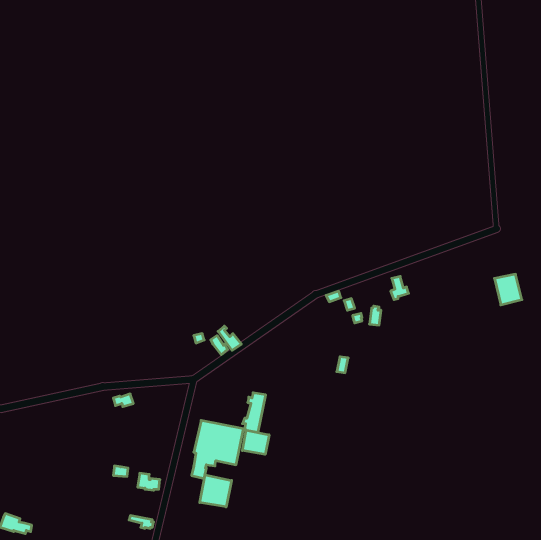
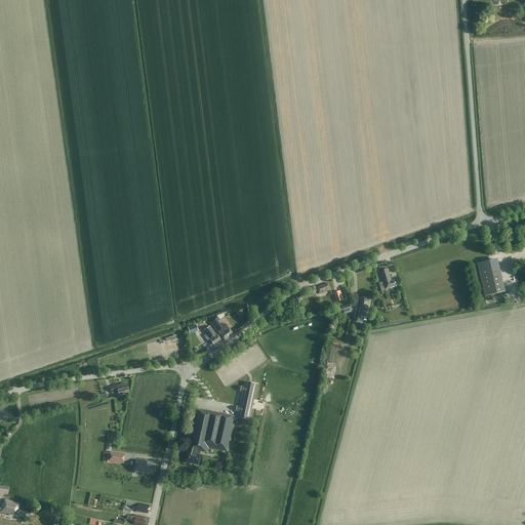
building: [242,430,269,454] -> none
building: [200,475,232,507] -> none

